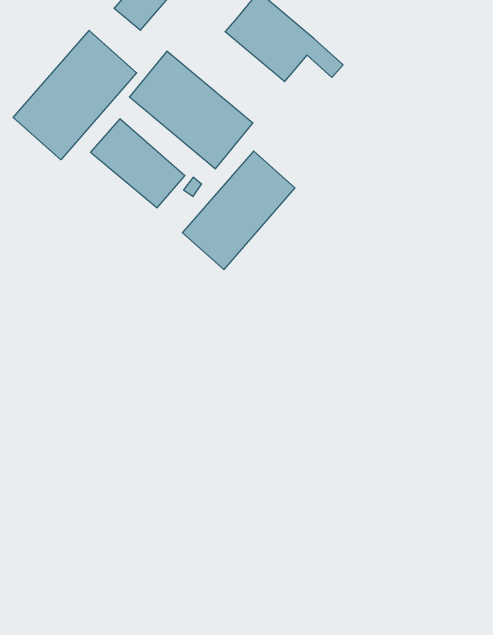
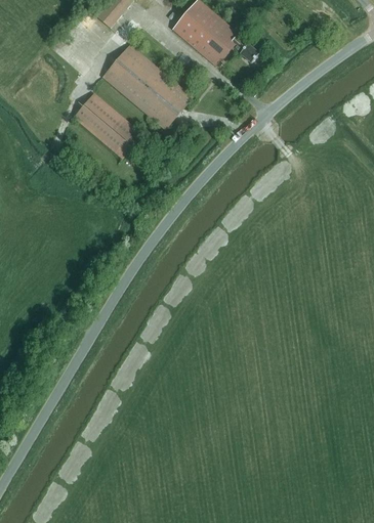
building: [13,30,137,160] -> none
building: [183,151,295,270] -> none

